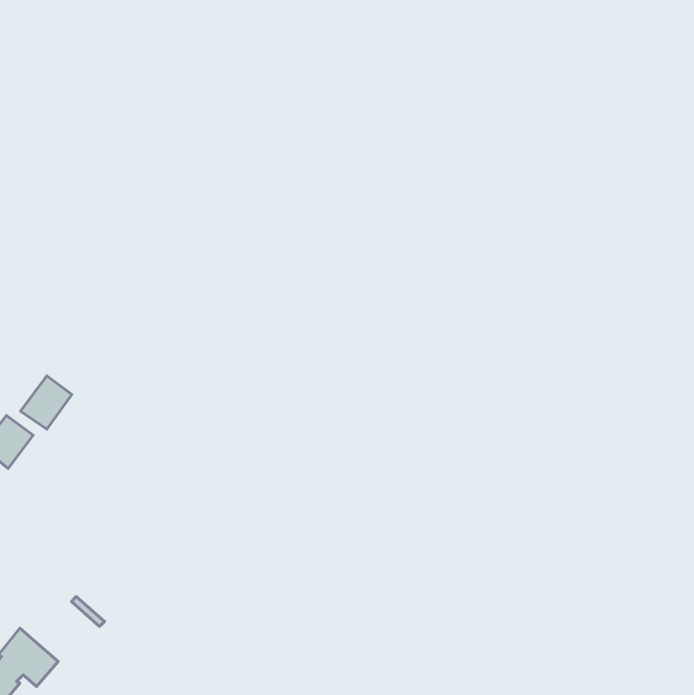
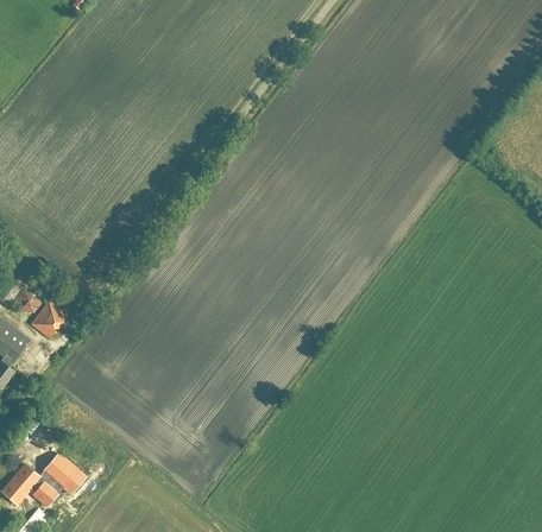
building: [20,376,72,429] -> none

